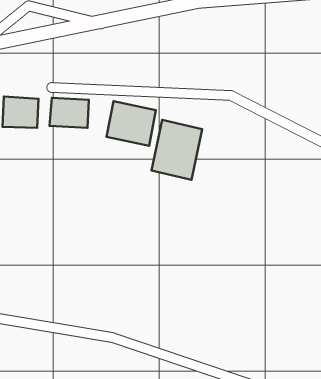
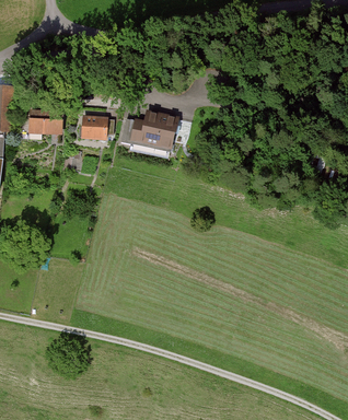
building: [152,120,202,180] -> none

